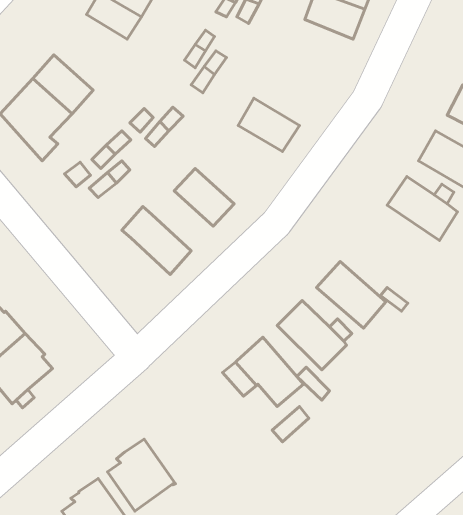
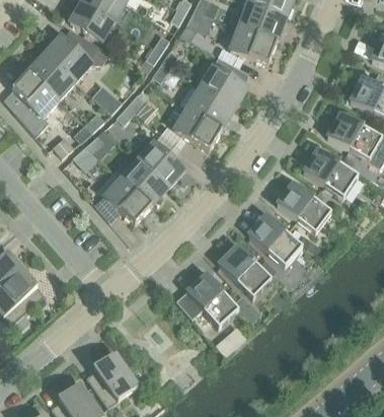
building: none -> [229,26,276,64]
building: none -> [44,28,108,81]
building: none -> [199,58,246,109]
building: none -> [173,109,221,150]
building: none -> [120,159,167,206]
building: none -> [276,183,330,233]

